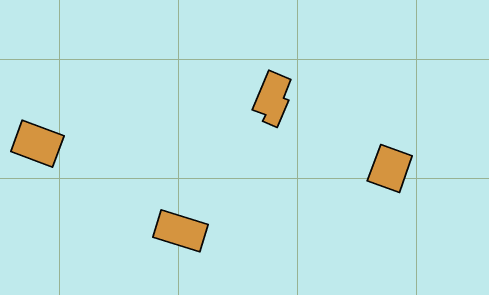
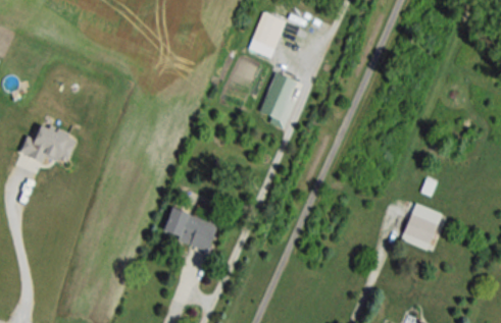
building: none -> [252,12,286,49]
building: [367,144,412,192] -> [399,203,443,250]

